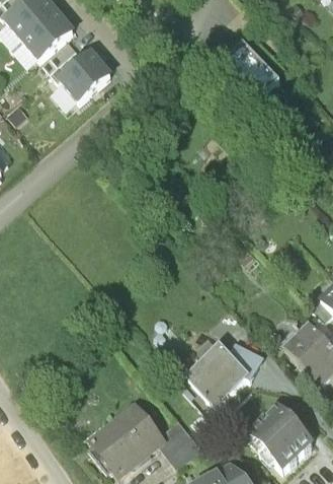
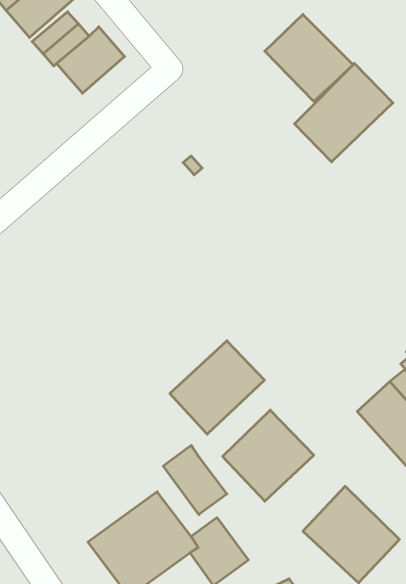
building: none -> [294,63,393,162]
building: none -> [170,341,264,434]
building: none -> [163,445,227,515]

